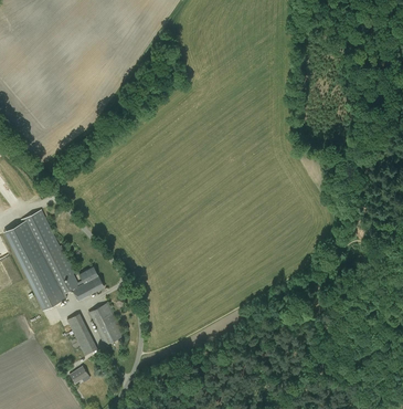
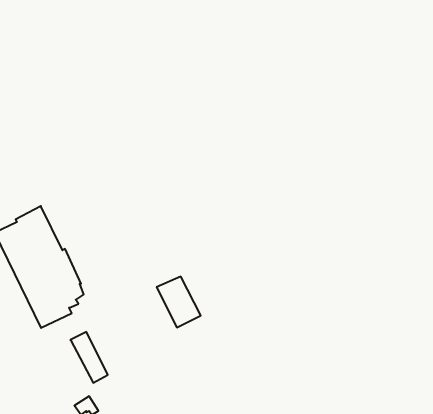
building: [71,266,104,301] -> none
building: [88,303,125,345] -> [157,277,201,327]

